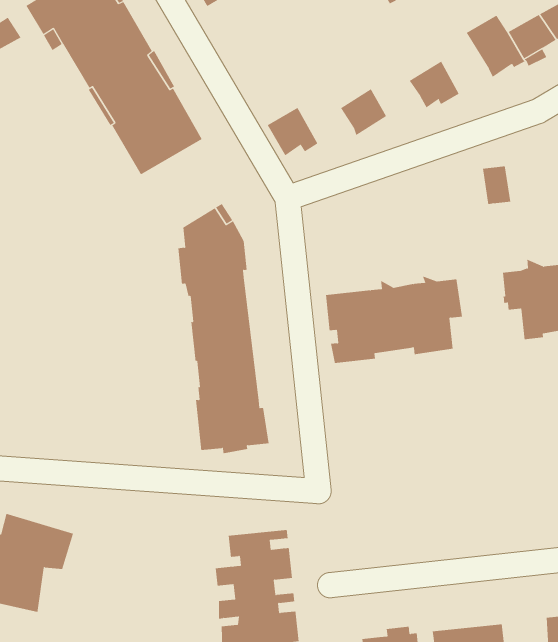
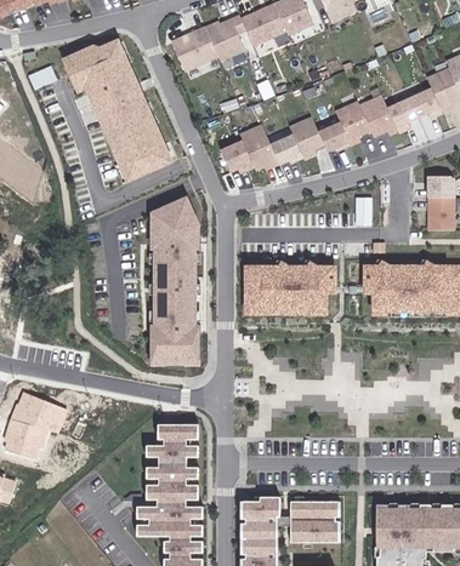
building: none -> [333,102,369,147]
building: none -> [286,119,322,161]
building: none -> [237,127,276,173]

